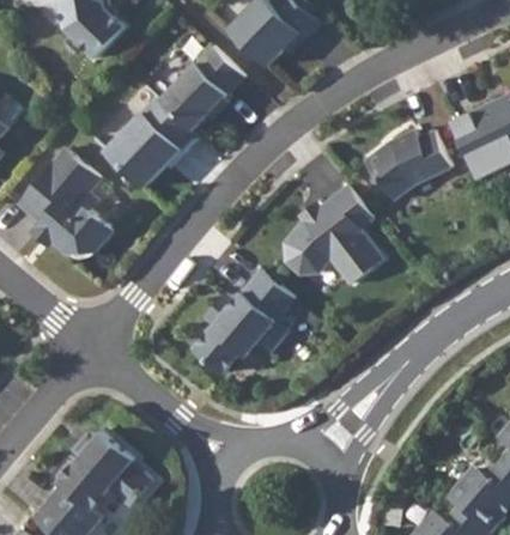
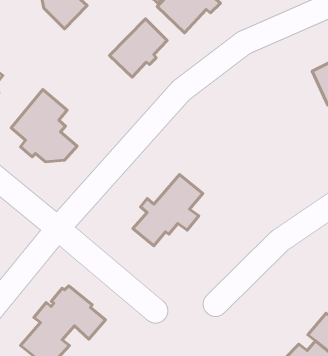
building: [107,98,199,188] -> none
building: [365,128,453,199] -> none
building: [284,184,383,284] -> none

